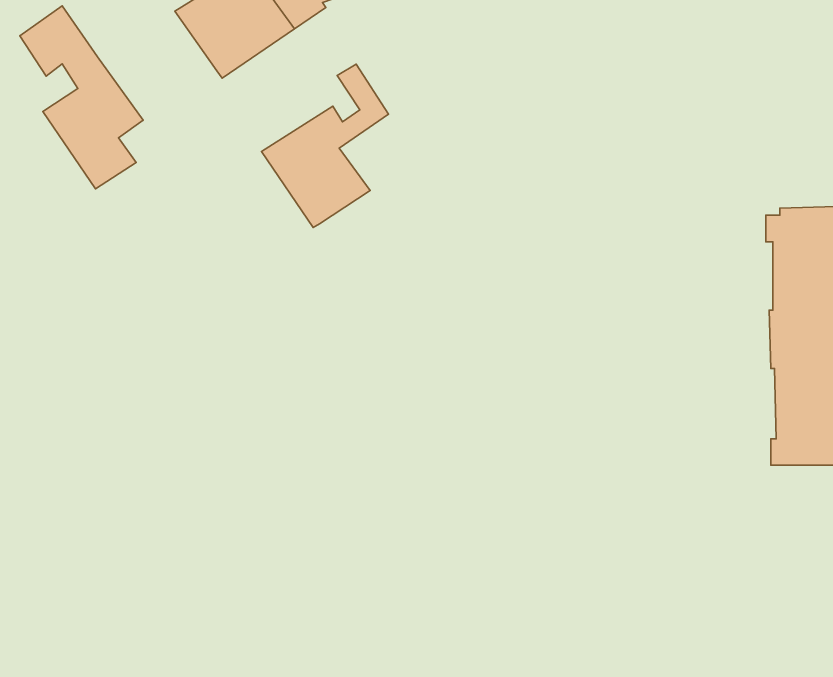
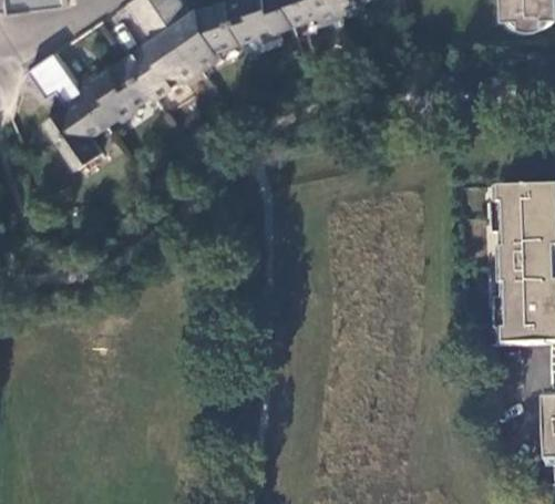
building: none -> [76,59,152,127]
building: [261,64,388,228] -> none

